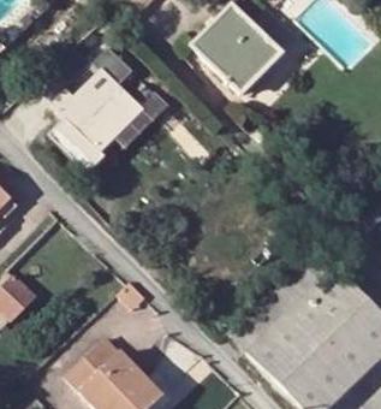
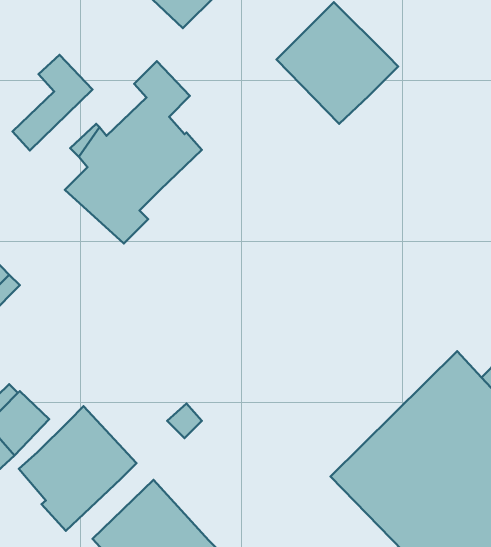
building: [113,83,168,149] -> [13,55,92,150]
building: none -> [19,406,137,531]

